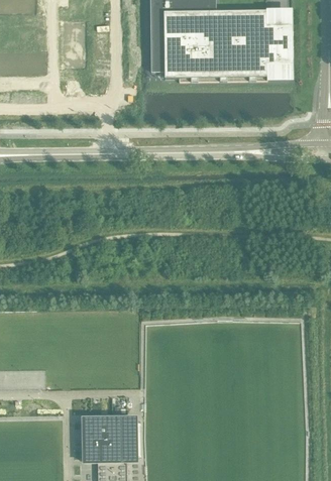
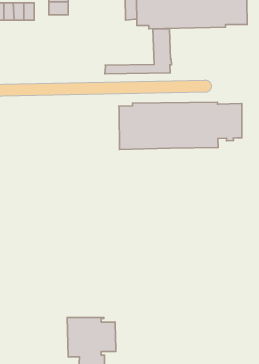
building: none -> [105,29,171,74]
building: none -> [119,102,242,149]

